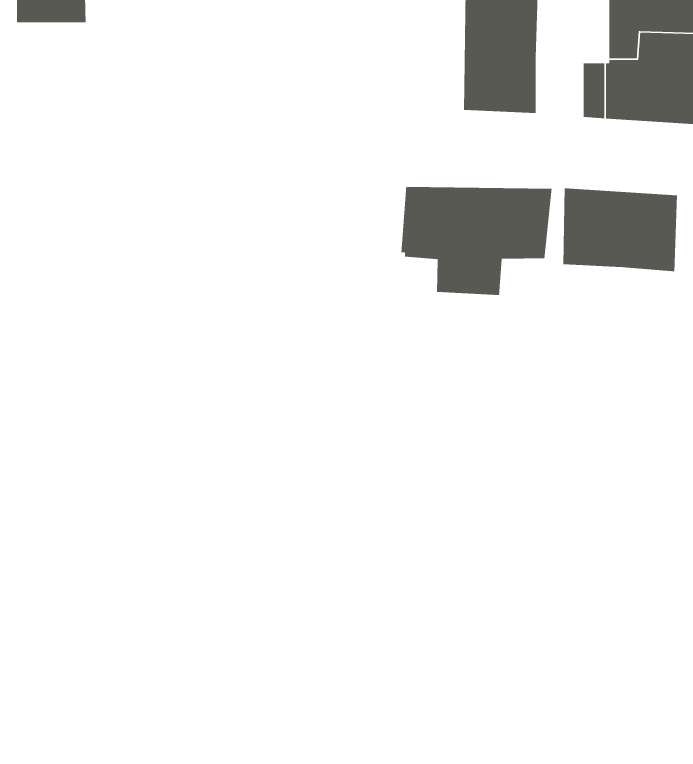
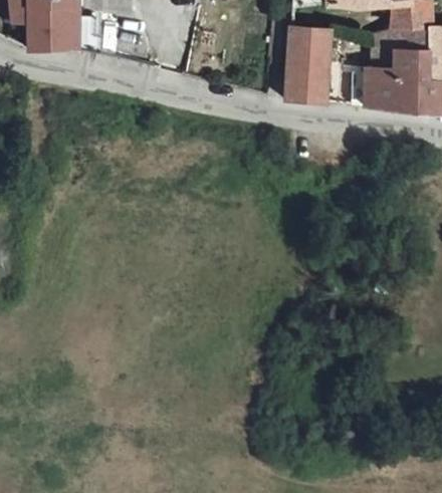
building: [400,186,552,296] -> none
building: [563,187,678,272] -> none

